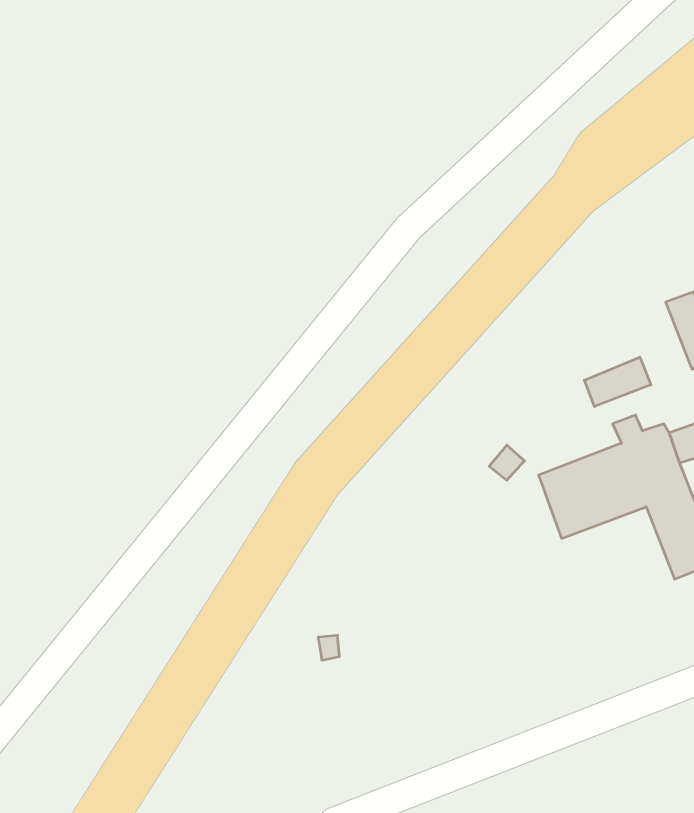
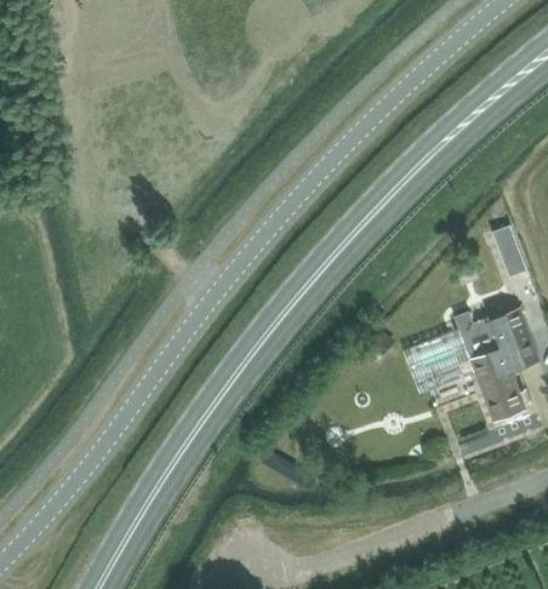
building: [584,357,651,407] -> none

